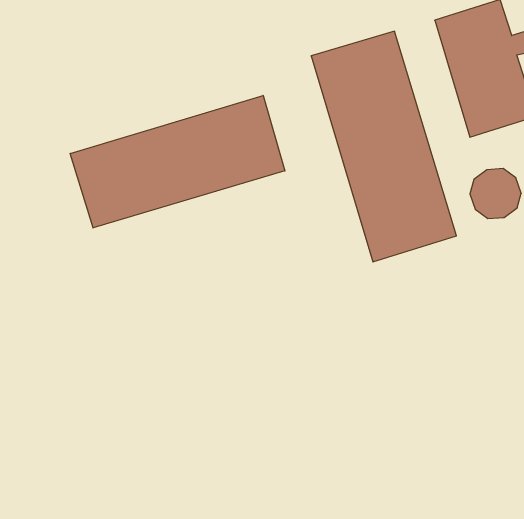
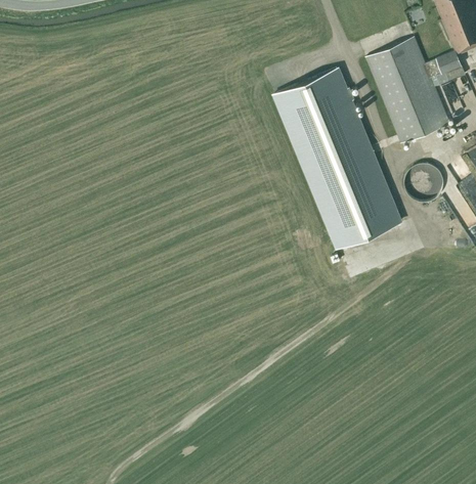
building: [70,95,285,228] -> none

